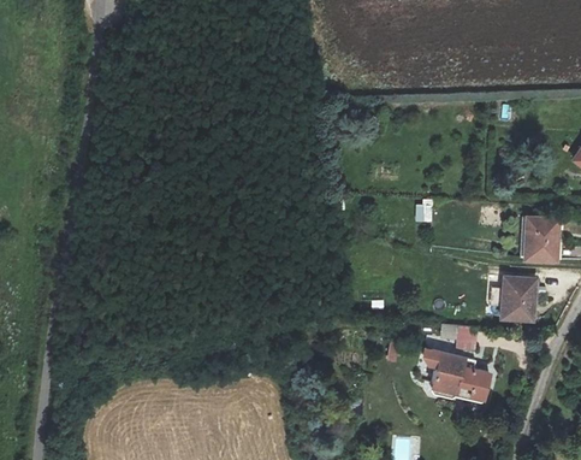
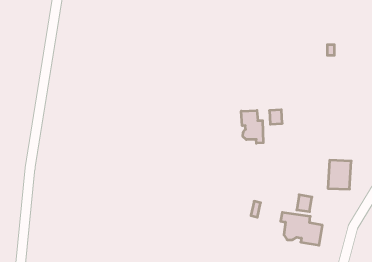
building: none -> [241,110,263,143]
building: [526,219,561,259] -> none

